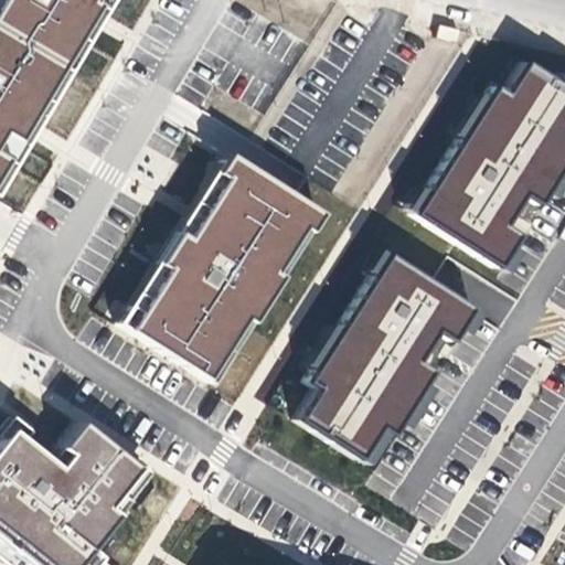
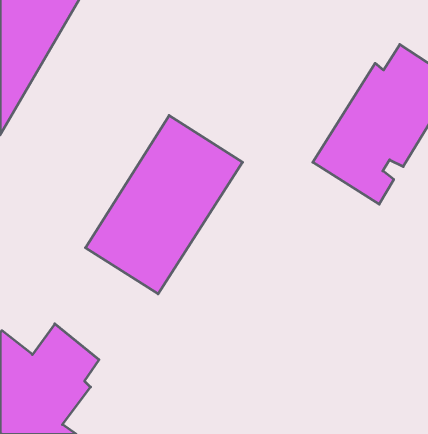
building: [299,250,473,455] -> none

